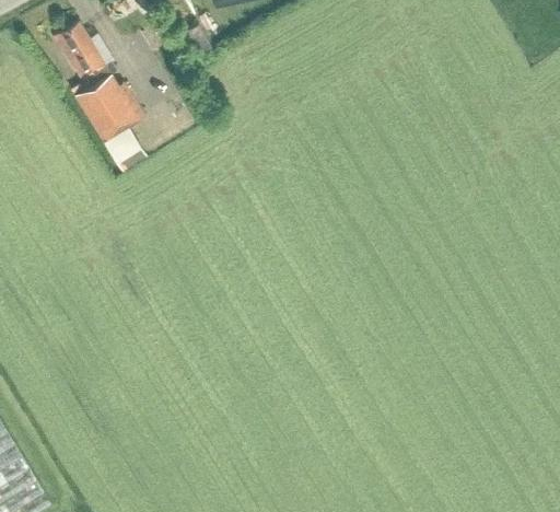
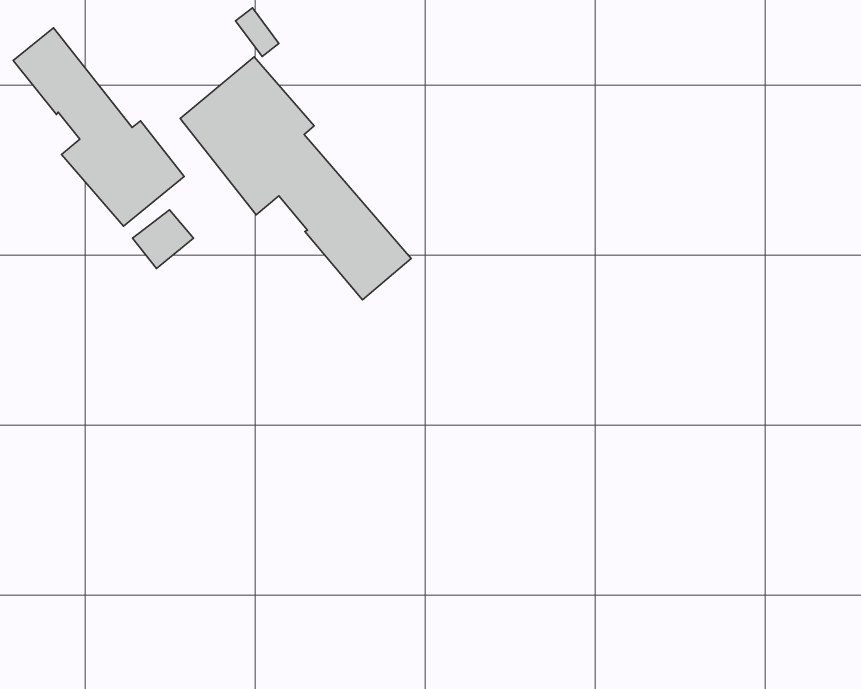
building: none -> [180,57,411,300]

